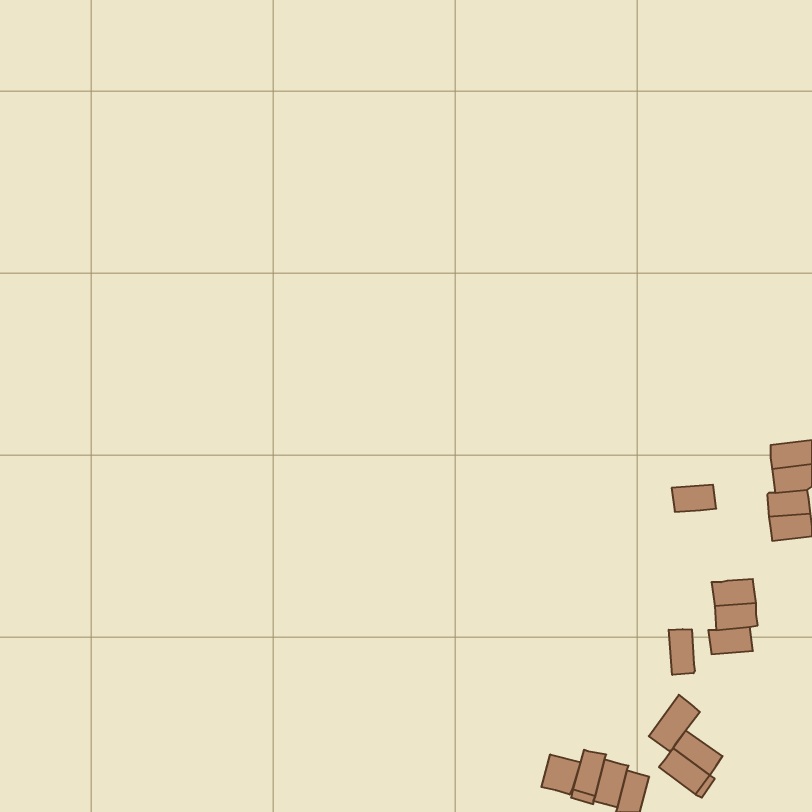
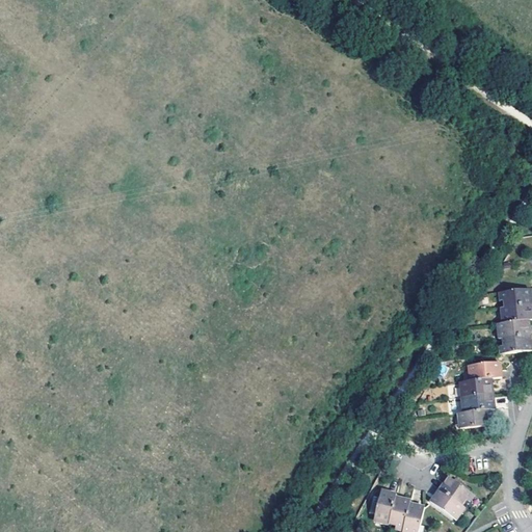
building: [672,485,716,512] -> [472,361,501,378]
building: [669,629,695,675] -> none
building: [649,695,700,751] -> none
building: [541,754,580,795] -> none

